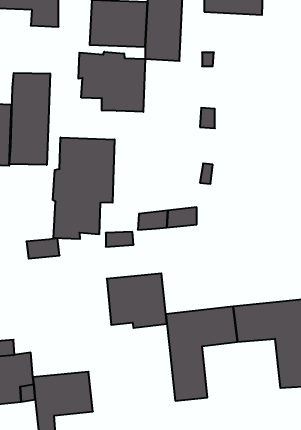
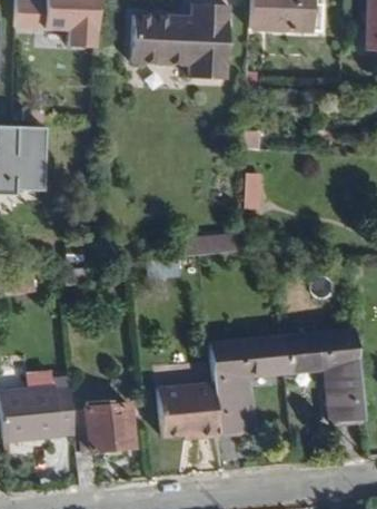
building: [78,52,145,112] -> none
building: [9,73,50,165] -> none
building: [53,137,115,239] -> none
building: [107,273,167,328] -> [157,382,219,439]

